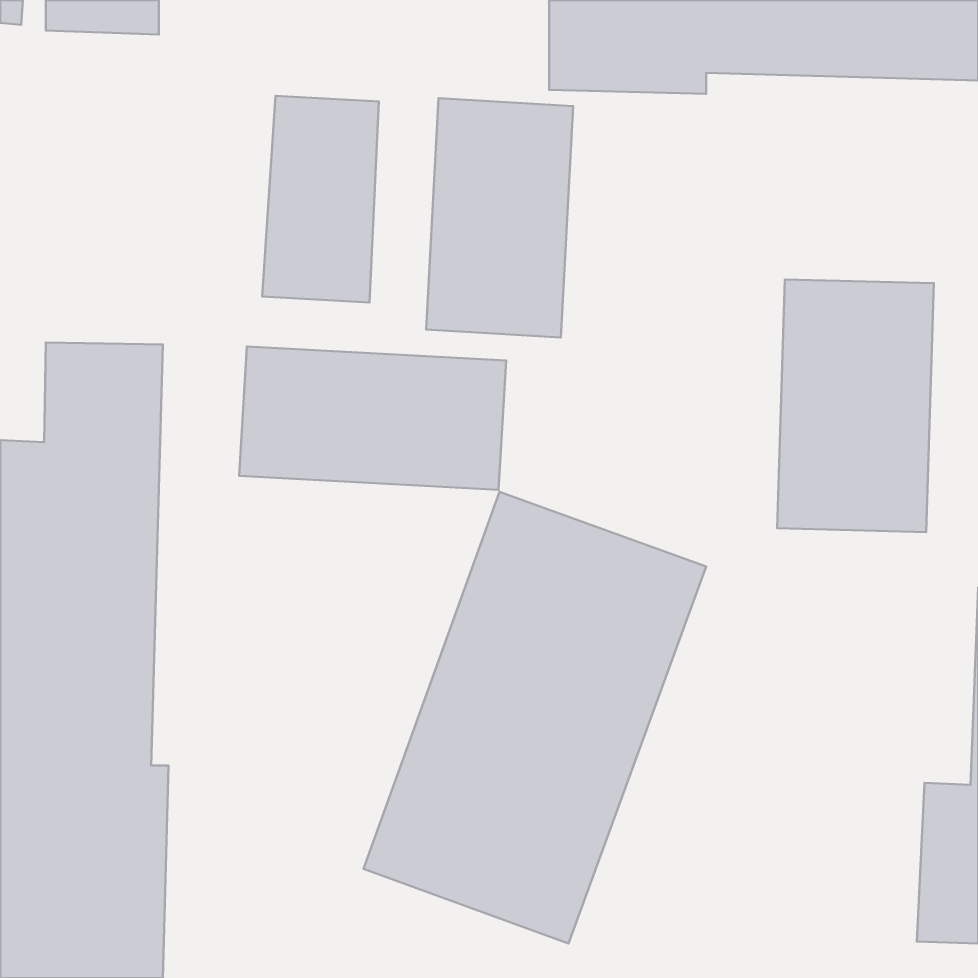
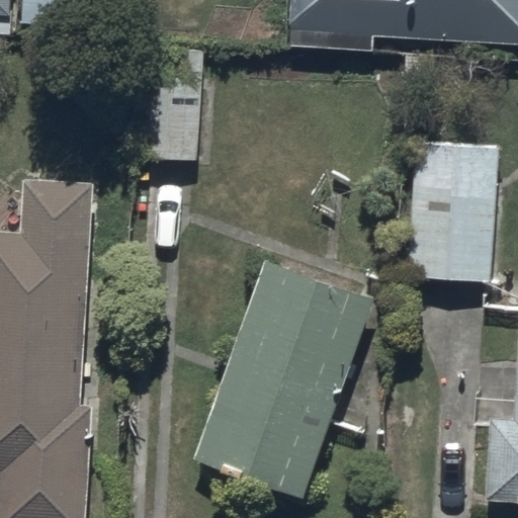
building: [426,98,573,338] -> none
building: [239,347,506,490] -> none

